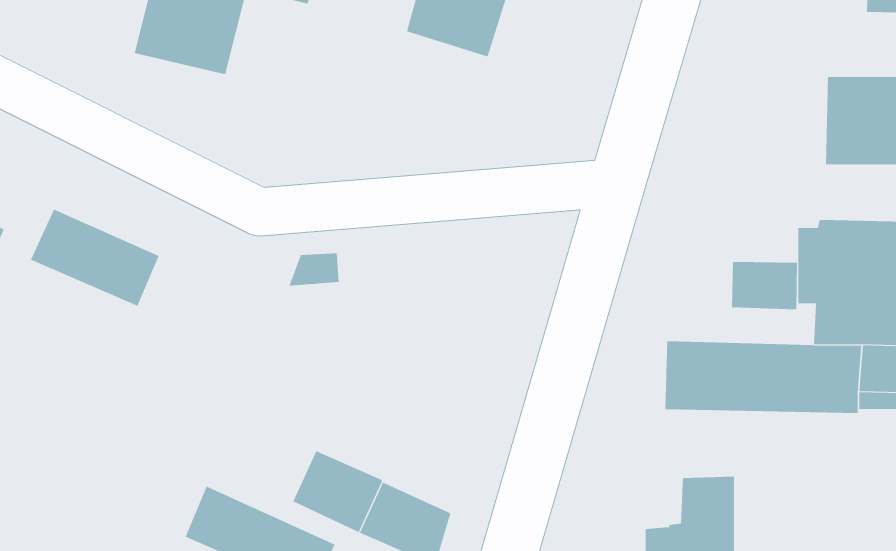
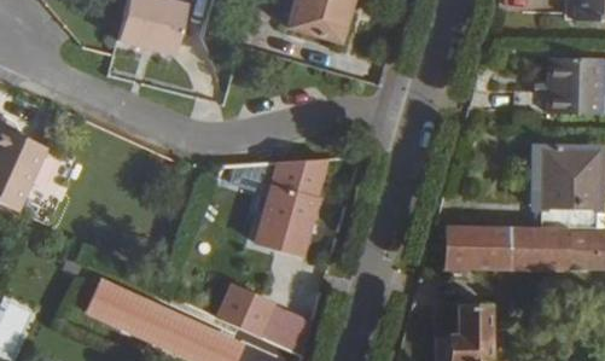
building: [30,209,159,307] -> [85,280,164,340]
building: none -> [256,162,330,256]
building: [732,261,798,310] -> none

